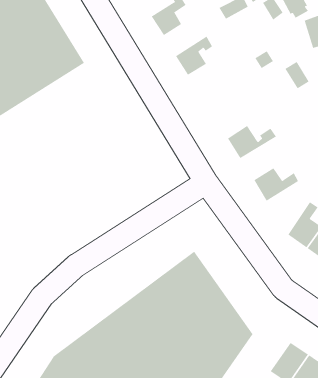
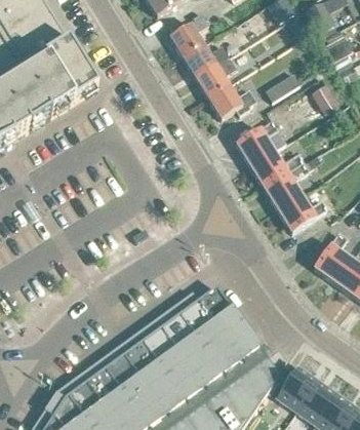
building: none -> [182,43,228,77]
building: none -> [207,85,254,117]
building: none -> [235,120,276,164]
building: none -> [263,162,307,208]
building: none -> [274,365,316,411]

